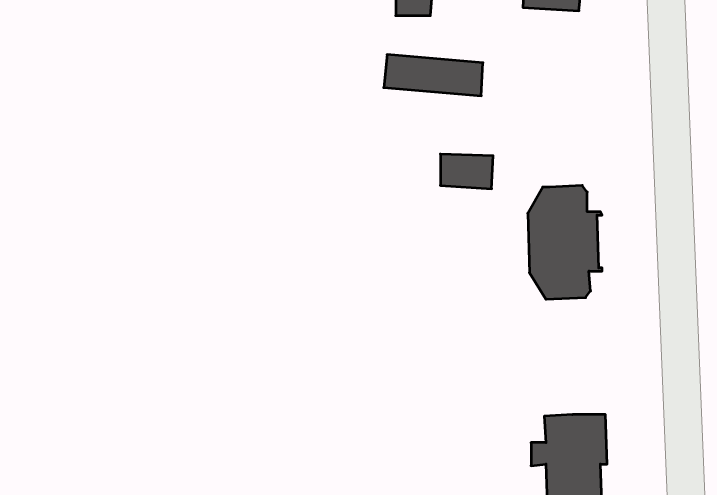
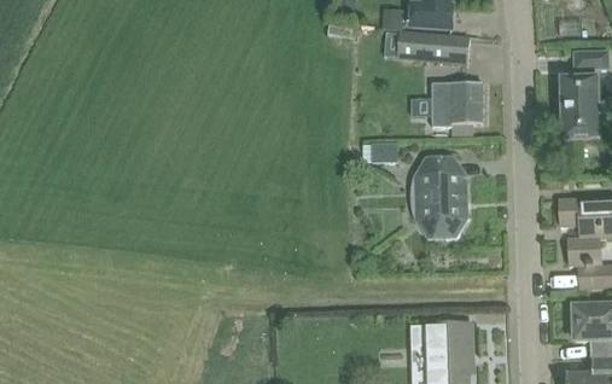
building: [384,55,483,96] -> [397,30,470,60]
building: none -> [432,80,483,123]

